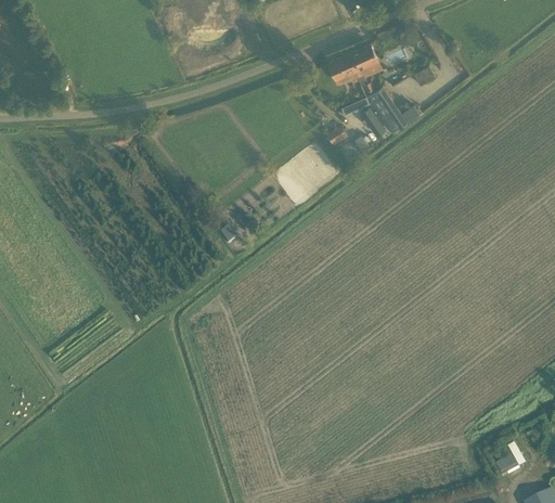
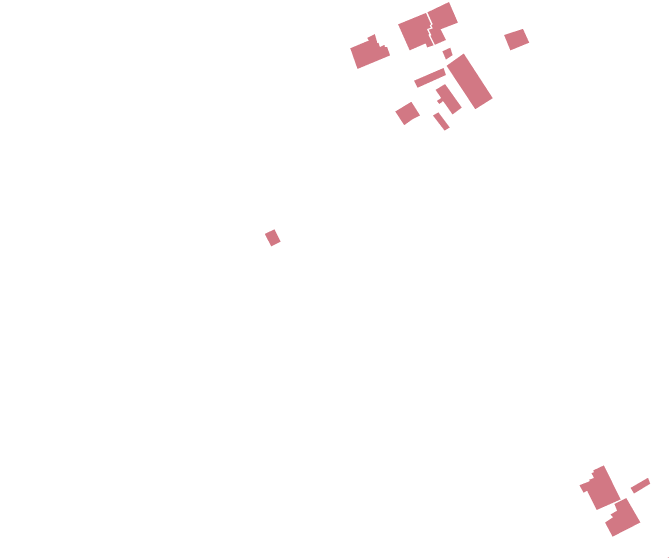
building: none -> [349,33,391,70]
building: none -> [578,465,622,511]

